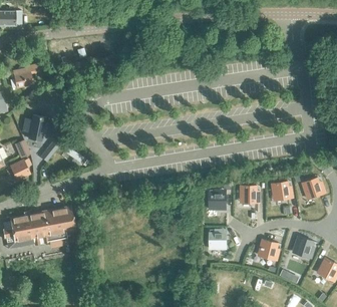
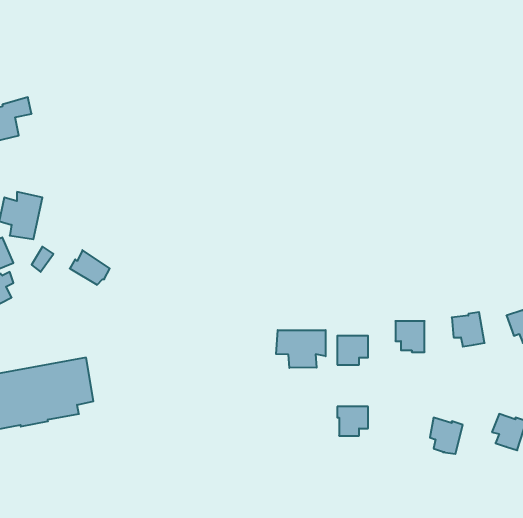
building: none -> [276,330,326,368]

